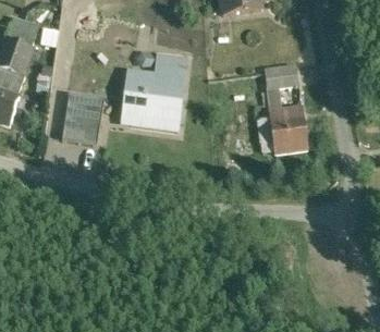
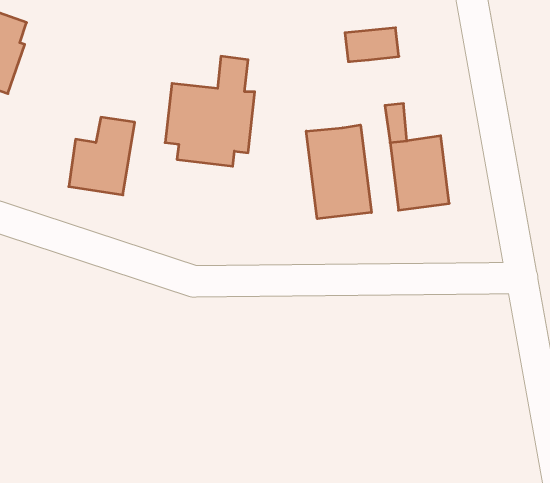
building: [262,64,297,86] -> [345,28,399,62]
building: none -> [306,125,371,219]

